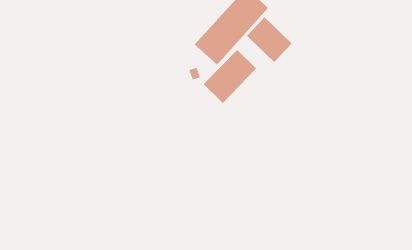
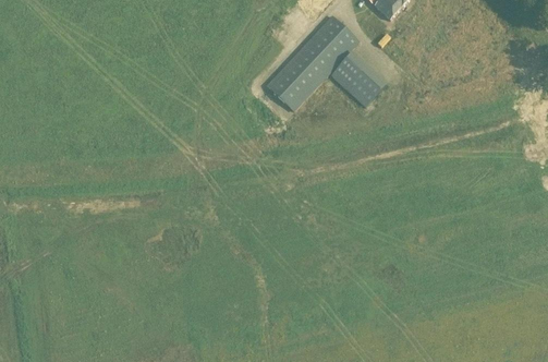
building: [203,49,257,104] -> none

